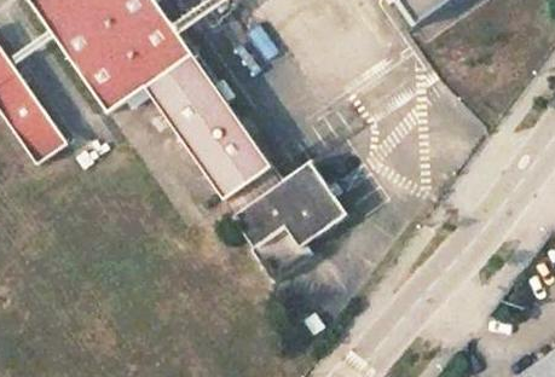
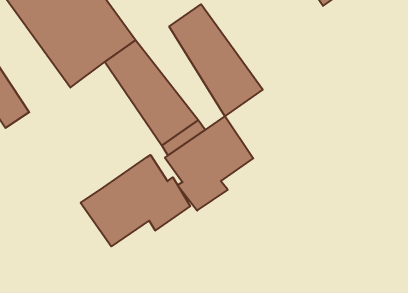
building: none -> [169,4,263,116]
building: none -> [81,155,190,246]

